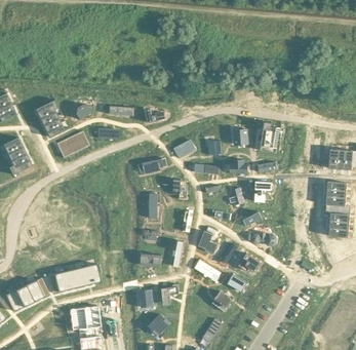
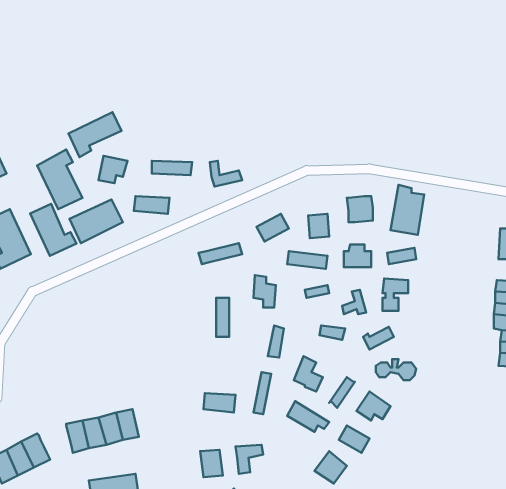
building: none -> [68,112,121,157]
building: none -> [30,204,77,256]

